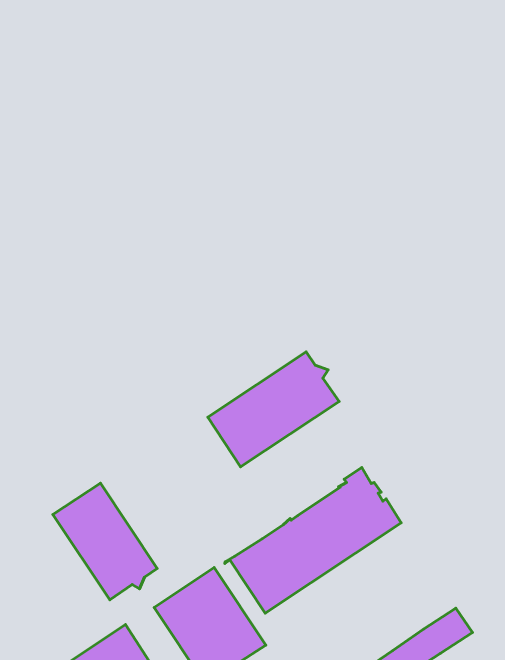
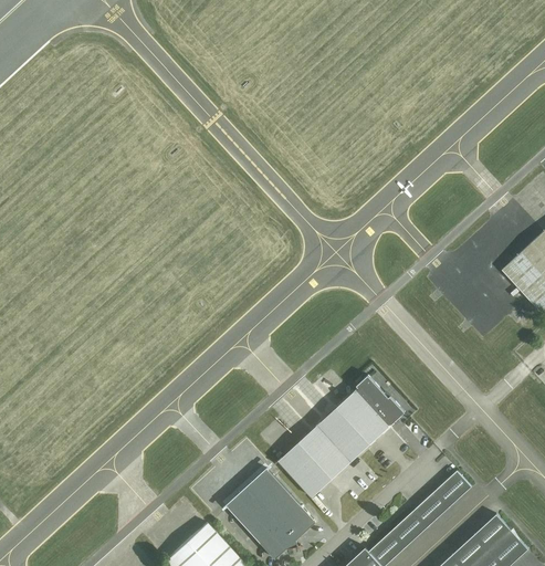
building: [208,352,339,467] -> none
building: [53,483,157,600] -> none

